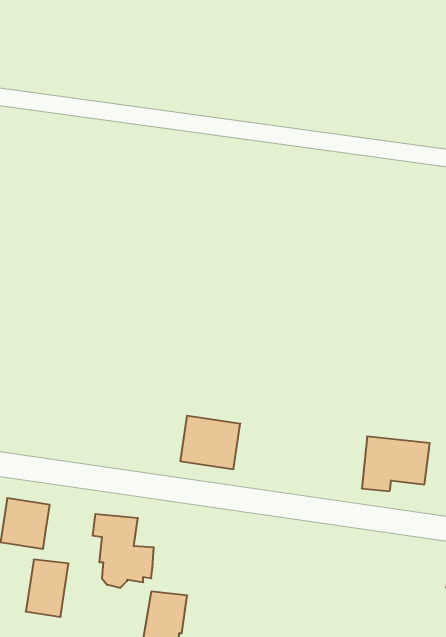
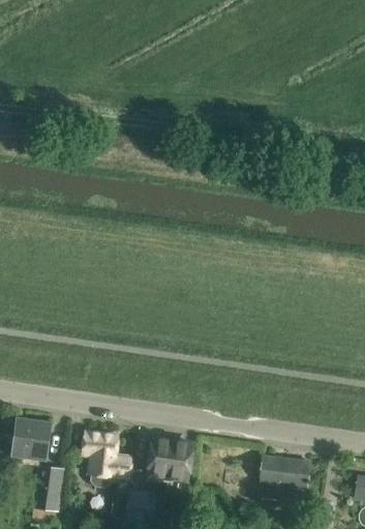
building: [180,416,240,469] -> [146,437,192,478]
building: [362,436,430,491] -> [257,455,310,498]

